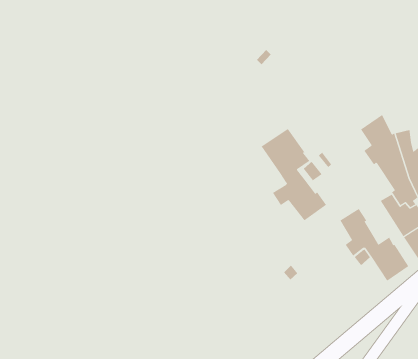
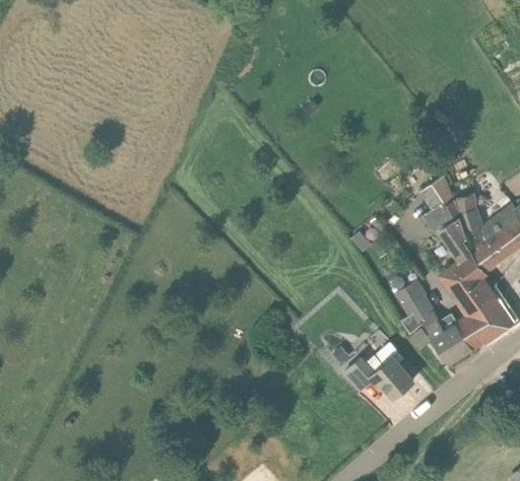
building: [261,128,327,221] -> none
building: none -> [344,355,414,398]

